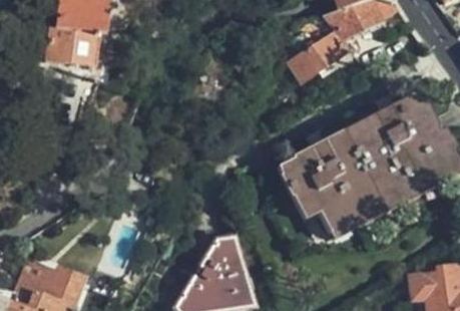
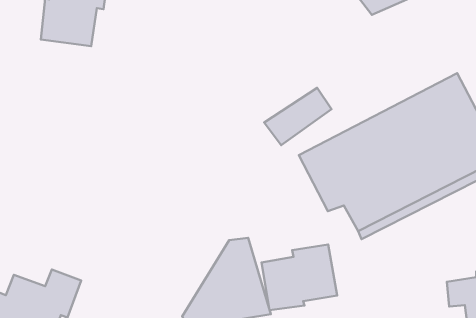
building: [285,33,345,84] -> [264,88,332,145]
building: none -> [262,244,337,310]

